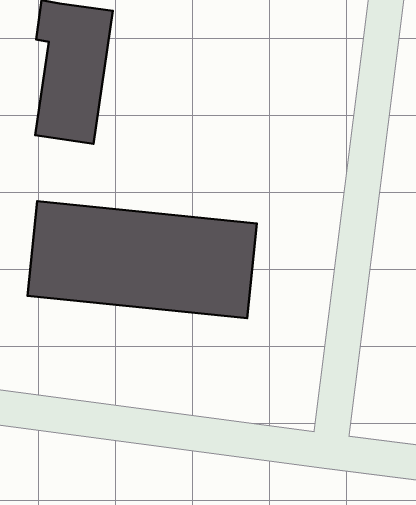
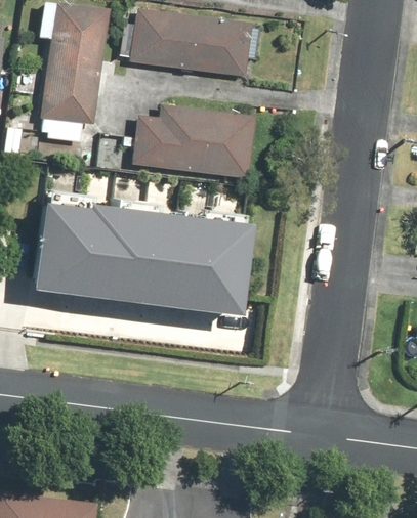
building: none -> [130,10,254,80]
building: none -> [135,105,258,176]

